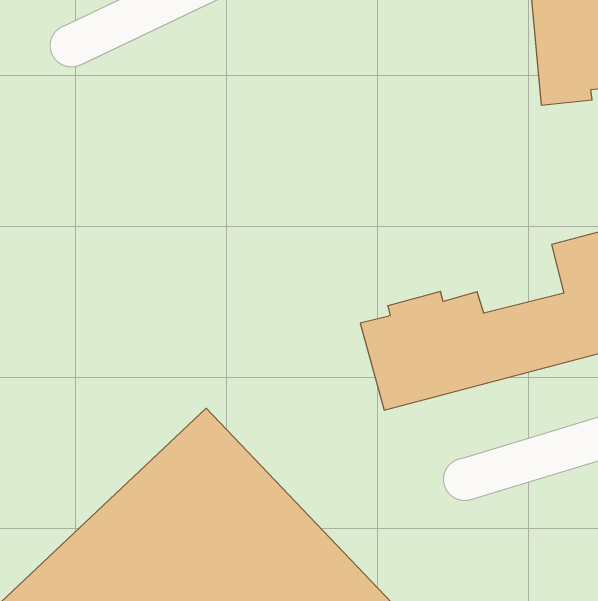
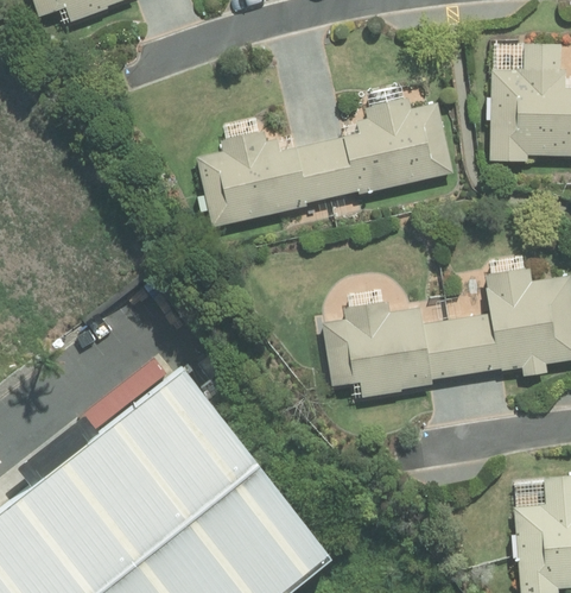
building: none -> [197,97,453,226]

